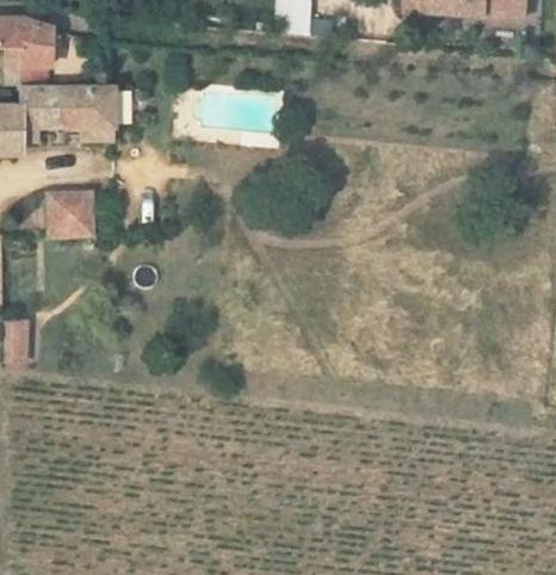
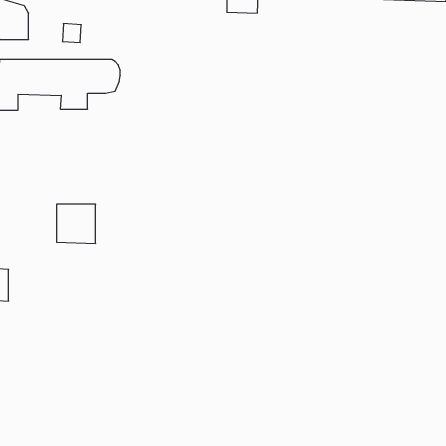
building: [48,190,92,234] -> [57,204,96,243]

